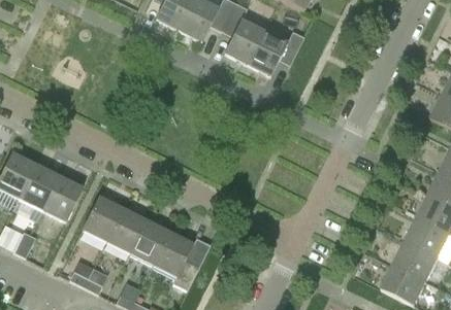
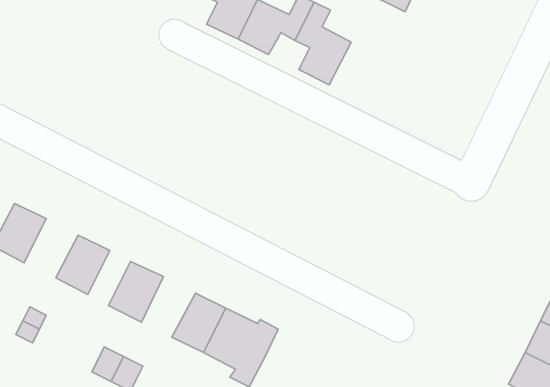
building: [247,31,304,76] -> none
building: [19,164,59,208] -> none
building: [106,207,147,252] -> none

